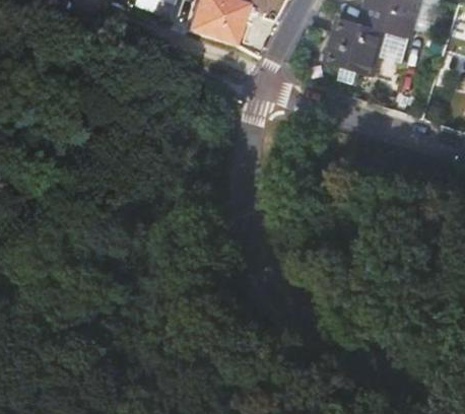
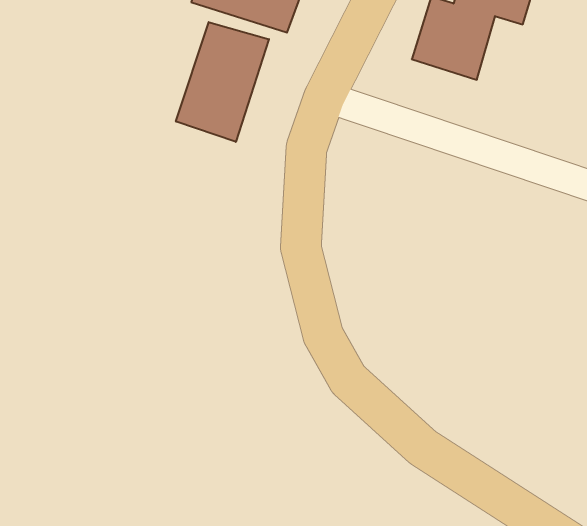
building: none -> [176,22,269,142]

